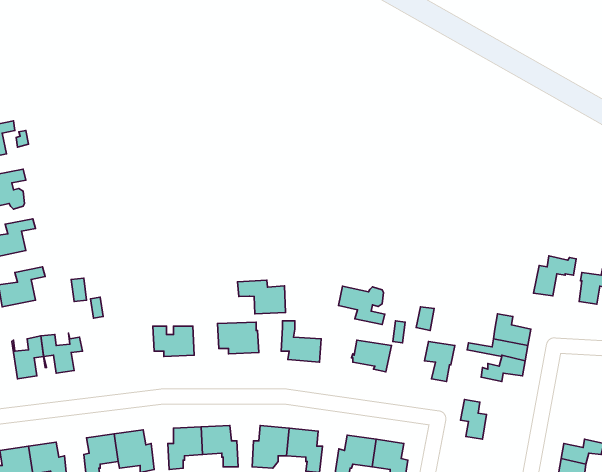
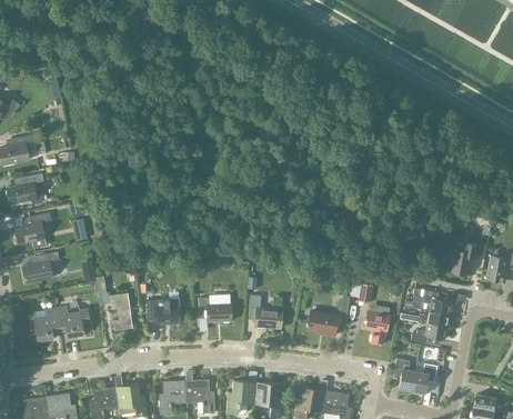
building: [238,280,286,314] -> none
building: [338,286,385,324] -> none
building: none -> [110,292,133,330]
building: none -> [412,363,437,392]

